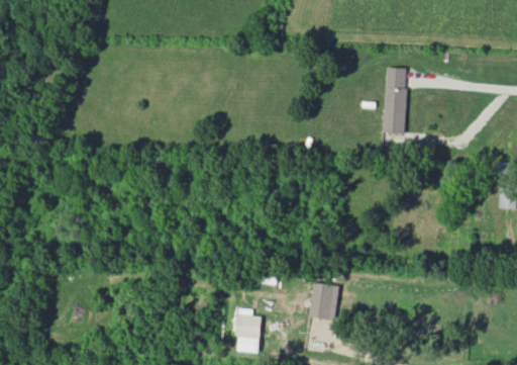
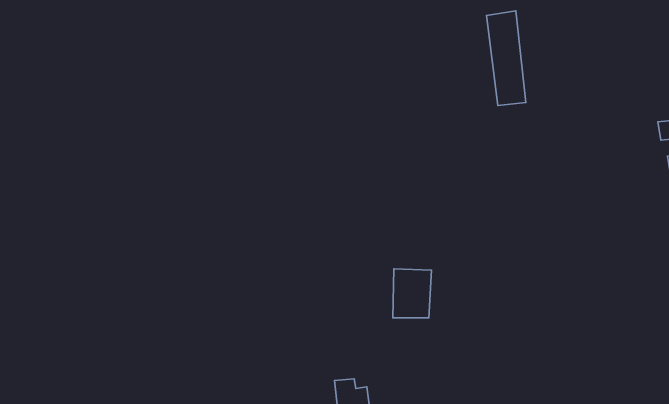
building: [308,282,340,321] -> [393,269,431,318]

